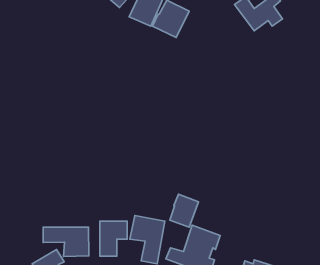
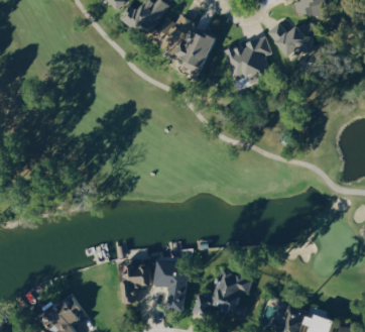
building: none -> [222,36,270,83]
building: [170,194,198,227] -> none
building: [43,227,89,256] -> none

